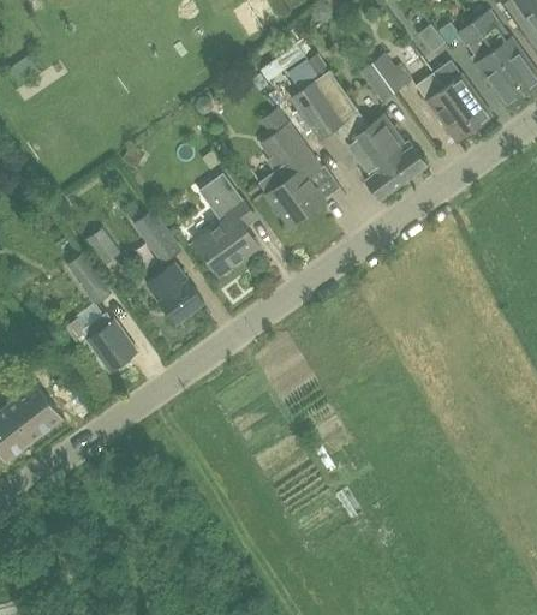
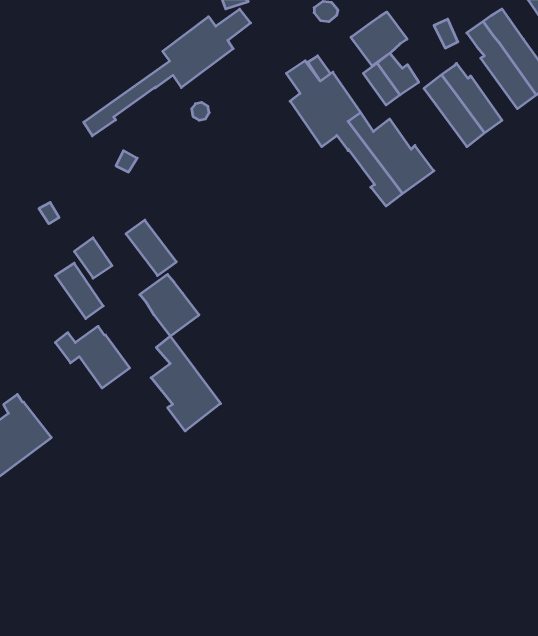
building: none -> [84,9,251,136]
building: none -> [351,12,407,66]
building: [259,111,323,226] -> none
building: [193,174,257,276] -> none
building: none -> [151,336,221,431]

